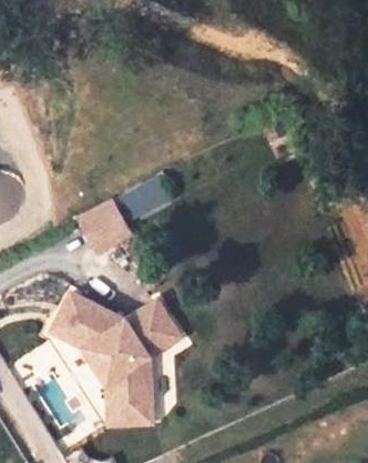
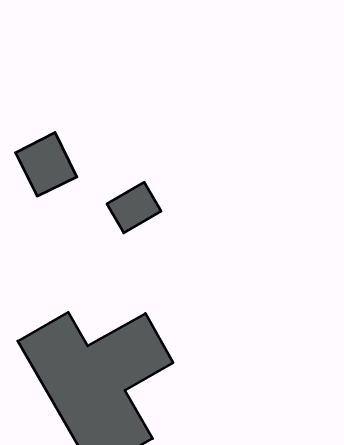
building: [75,197,132,255] -> [15,132,77,196]

